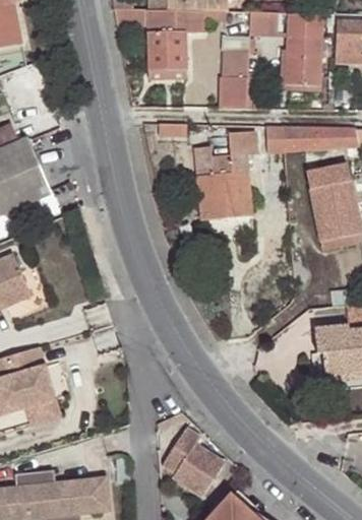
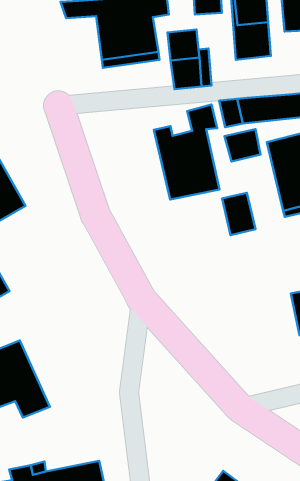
building: none -> [224,129,260,161]
building: none -> [222,193,256,235]
building: [165,428,224,497] -> none

